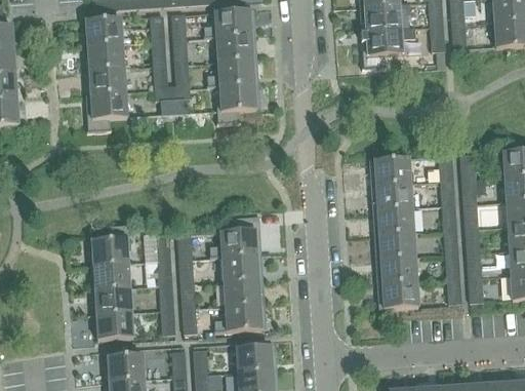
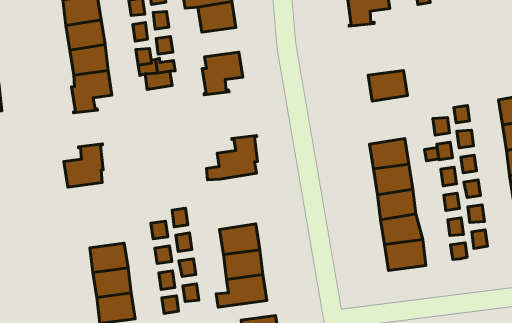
building: [206,60,253,87] -> none
building: [372,156,409,184] -> [368,71,407,101]
building: [209,217,260,257] -> [207,135,258,180]
building: [91,225,130,265] -> [64,144,103,187]

